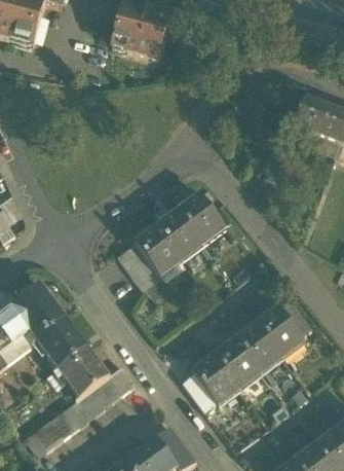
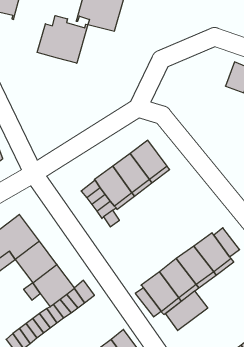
building: none -> [37,16,88,63]
building: none -> [165,291,208,331]

